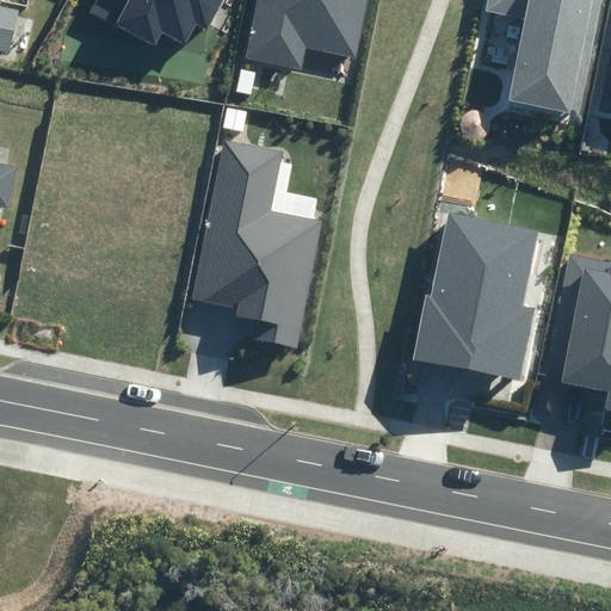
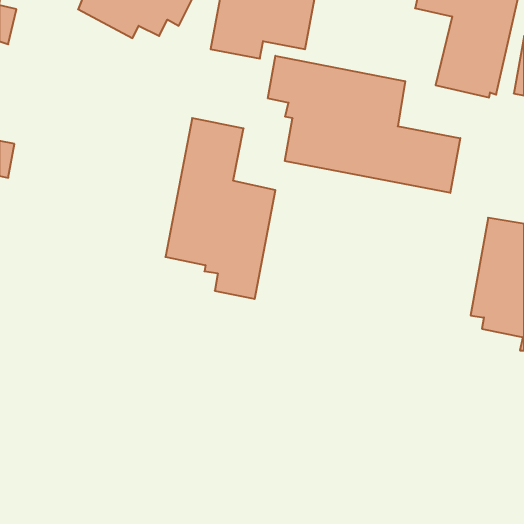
building: none -> [268,56,460,193]
building: [413,212,536,378] -> none

